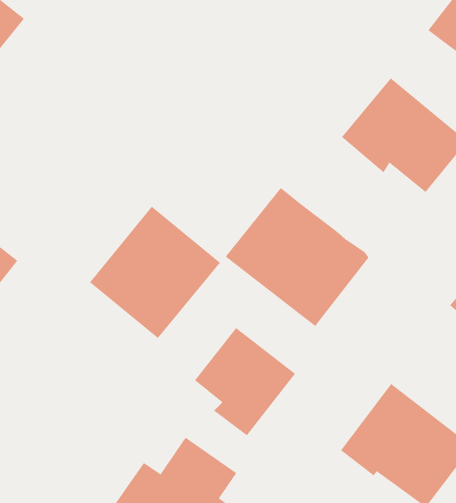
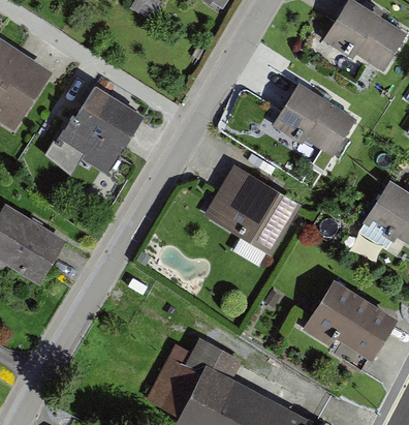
building: [89,206,221,339] -> [58,88,145,177]
building: [194,327,296,436] -> none

